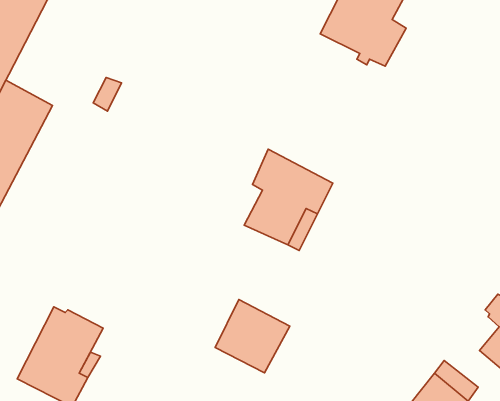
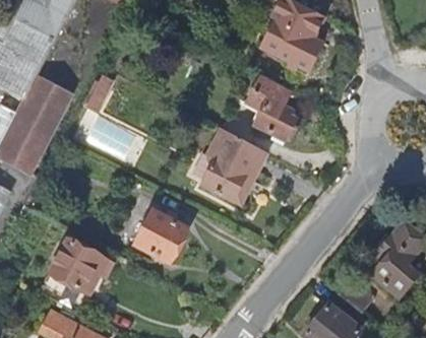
building: none -> [247,75,297,140]
building: [215,299,290,373] -> [140,203,194,256]

